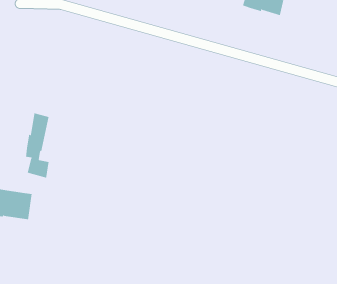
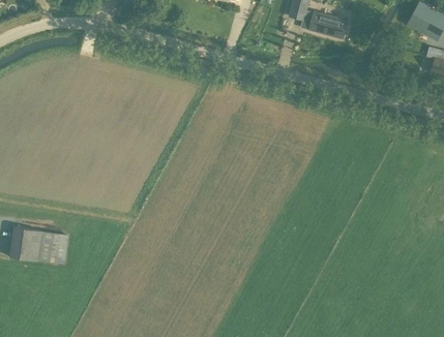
building: [25,112,49,178] -> none

